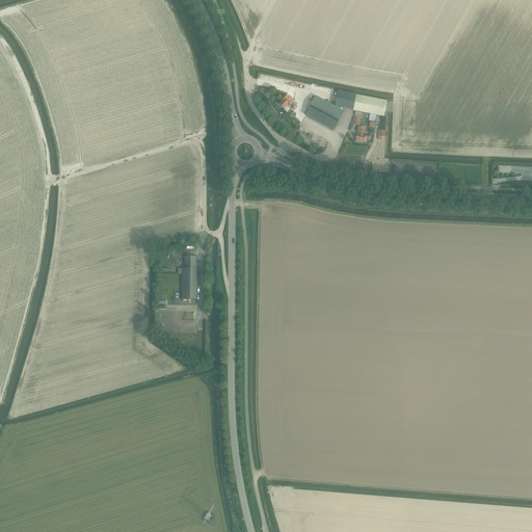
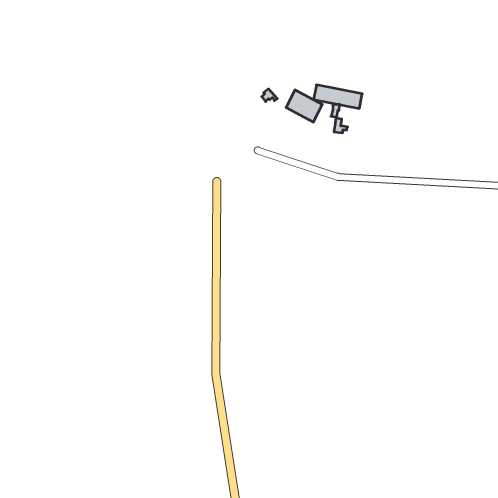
building: [181,256,195,299] -> none

